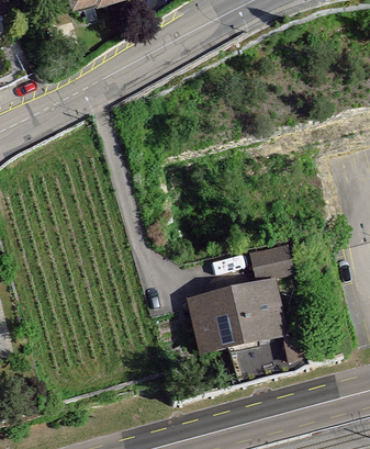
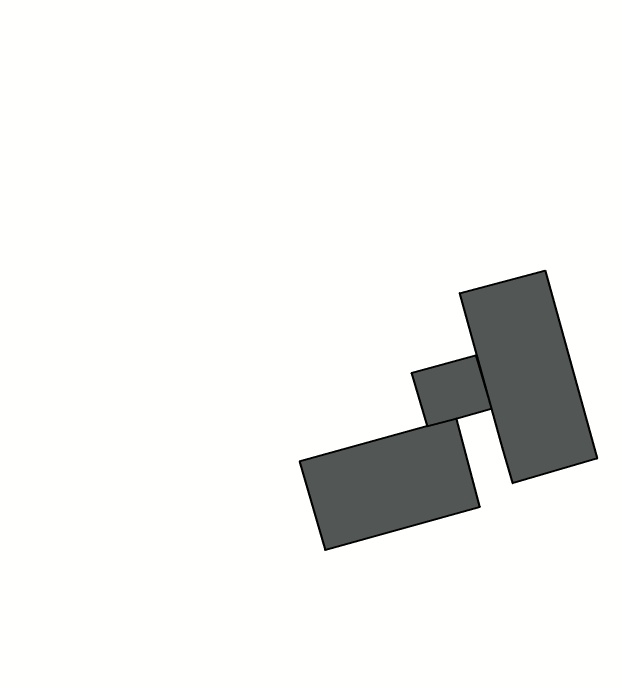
building: none -> [460,271,597,483]

